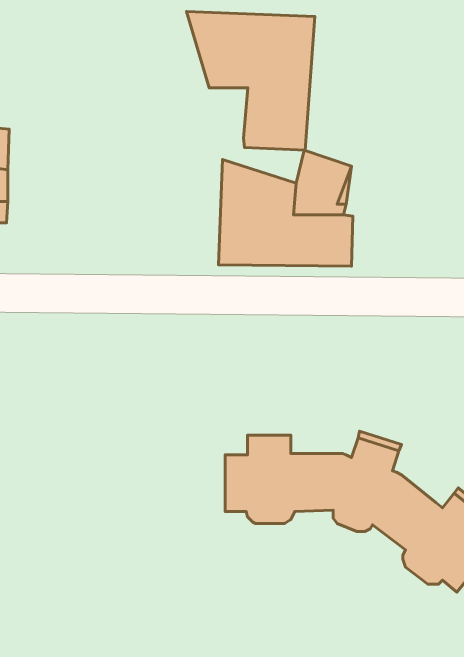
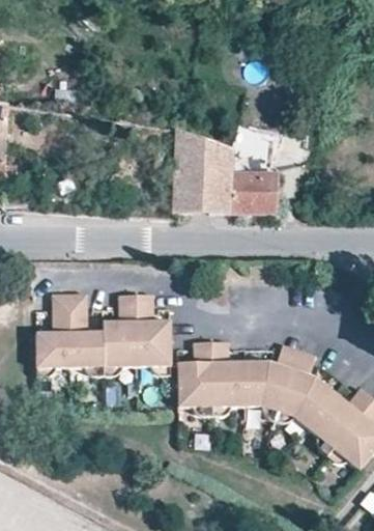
building: [186,12,315,150] -> none
building: none -> [36,297,171,376]

